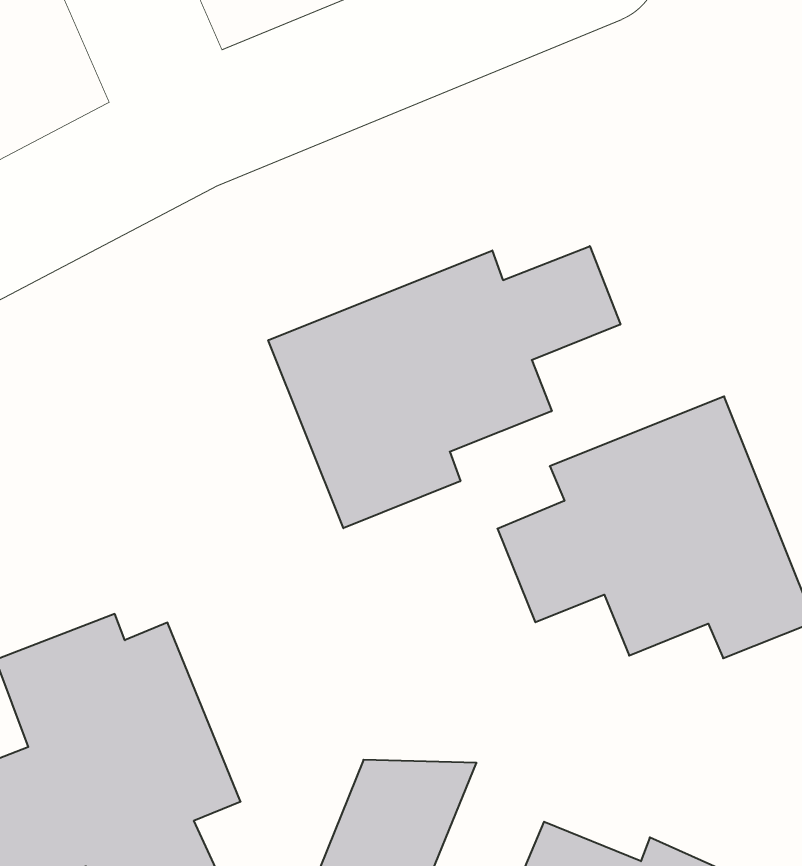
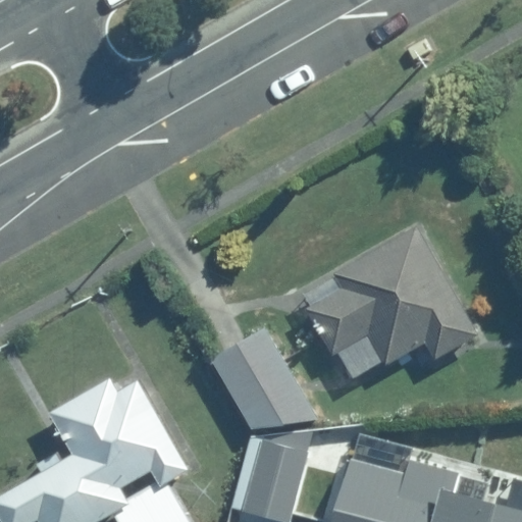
building: [268,246,620,528] -> none
building: none -> [208,329,315,430]

